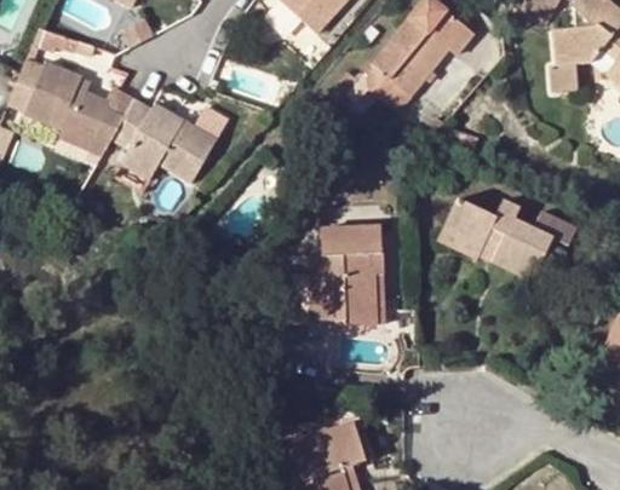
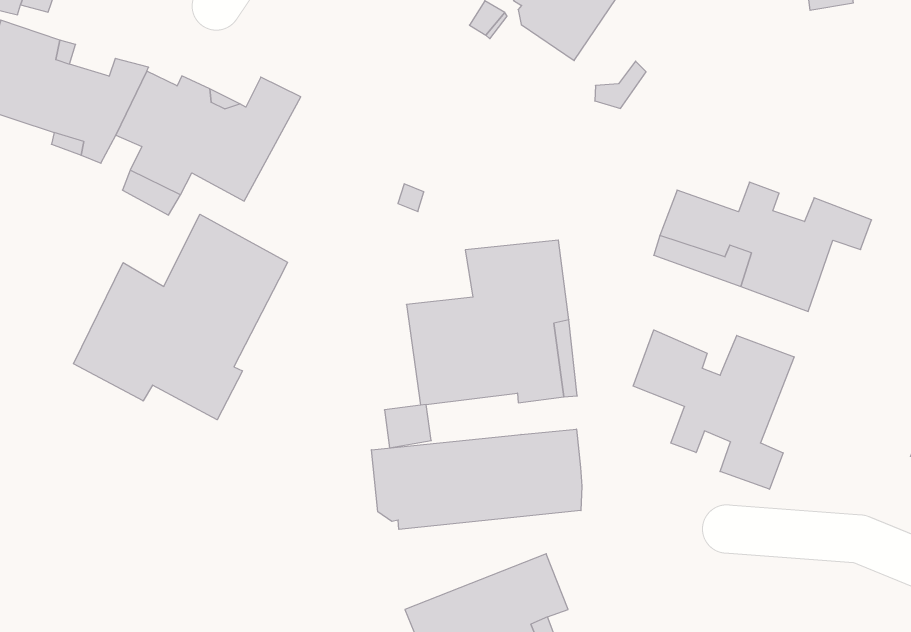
building: none -> [73,214,287,420]
building: none -> [633,330,794,489]
building: none -> [371,429,582,529]

